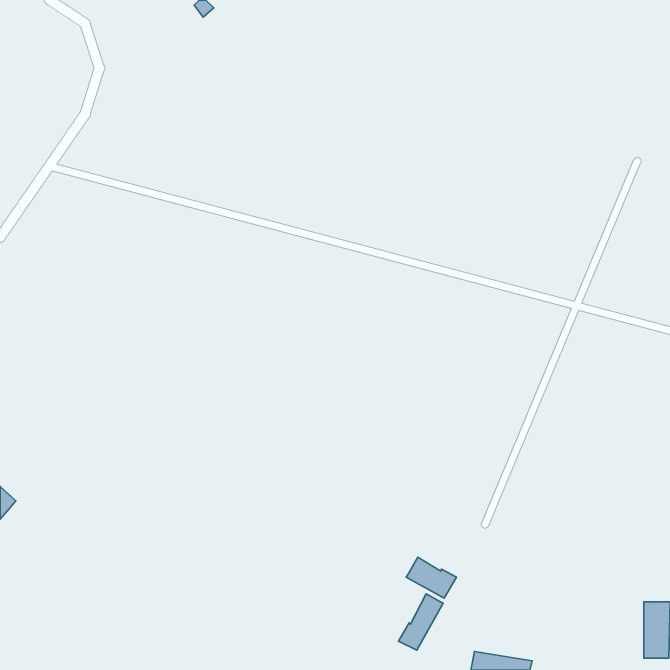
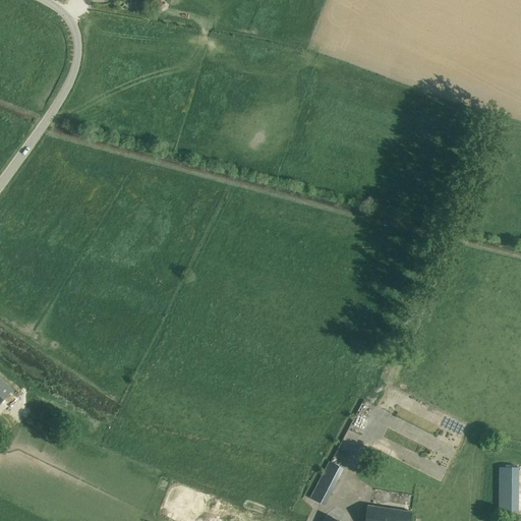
building: [406,557,457,598] -> none

